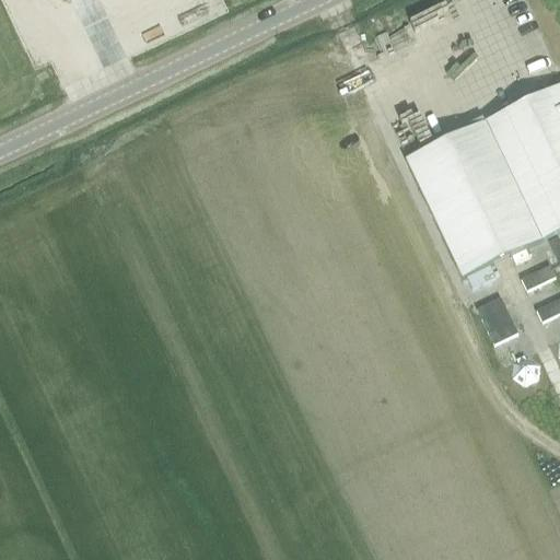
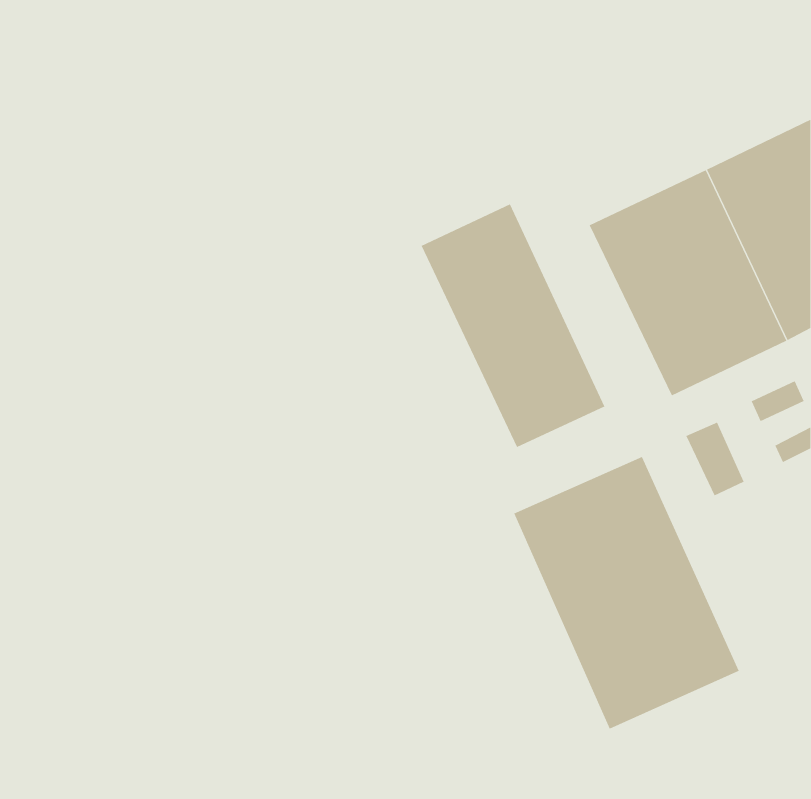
building: none -> [421,203,605,448]
building: none -> [514,456,739,730]

